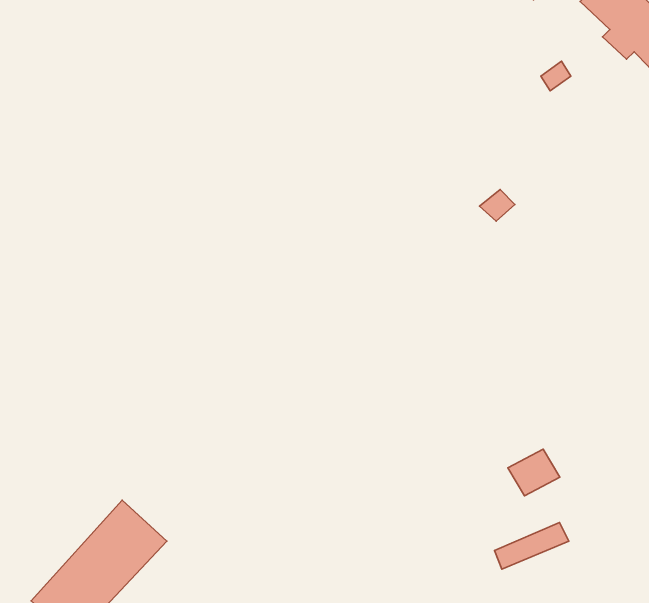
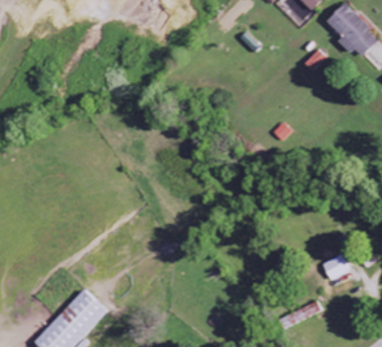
building: [508,449,560,496] -> [322,254,350,279]

